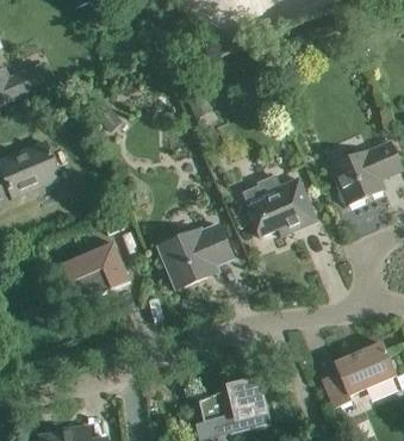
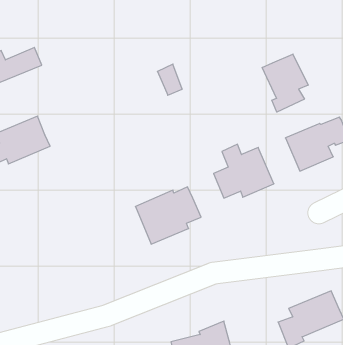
building: none -> [262,54,308,112]
building: [58,237,130,297] -> none

